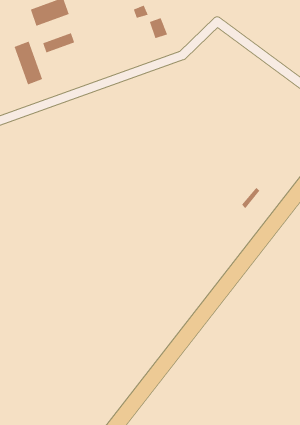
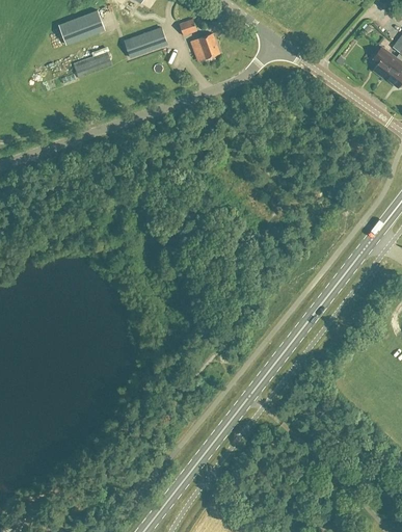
building: none -> [124,26,167,56]
building: [13,41,43,86] -> none

